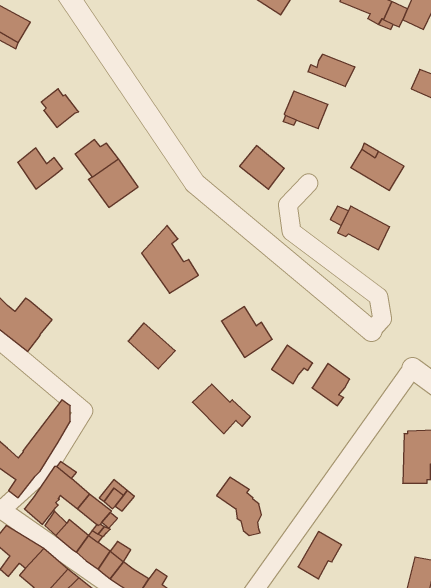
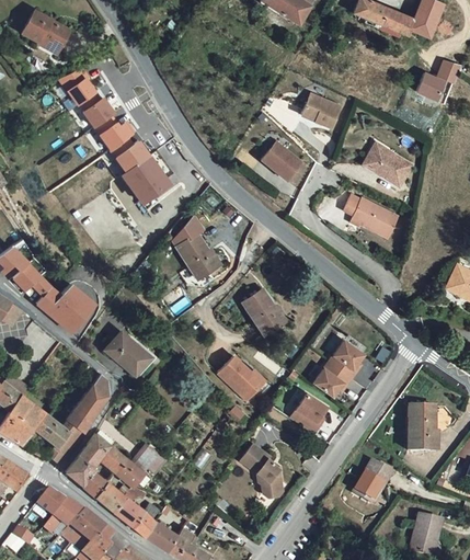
building: [308,54,355,87] -> none
building: none -> [59,67,95,110]
building: [18,148,63,189] -> [95,114,136,151]
building: [128,323,175,369] -> [108,334,151,376]
building: [272,345,313,384] -> [312,363,349,398]
building: none -> [289,396,325,436]
building: [298,532,342,579] -> [354,460,393,503]

